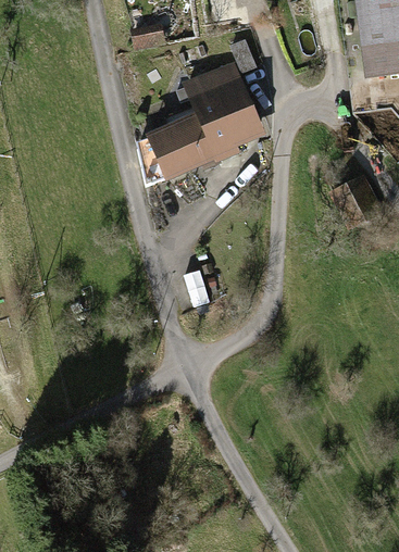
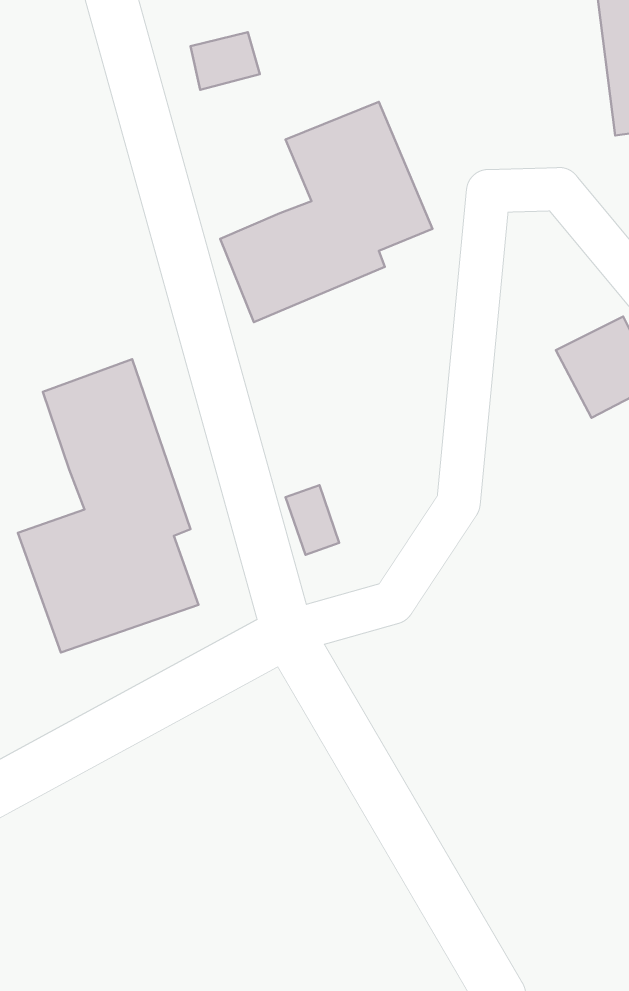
building: none -> [18,359,199,652]

